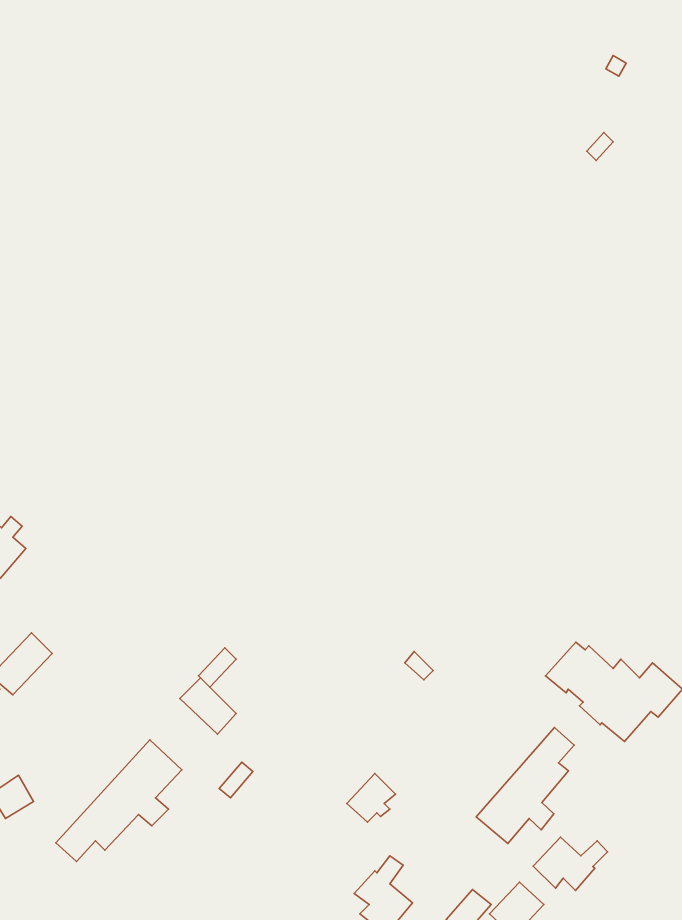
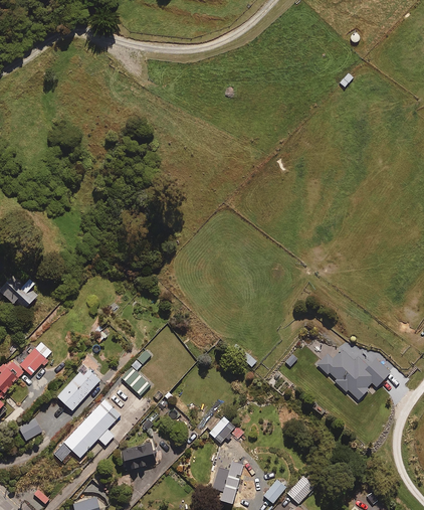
building: none -> [56,363,99,410]
building: [476,728,574,844] -> none
building: none -> [120,442,156,471]
building: [533,837,607,891] -> none

